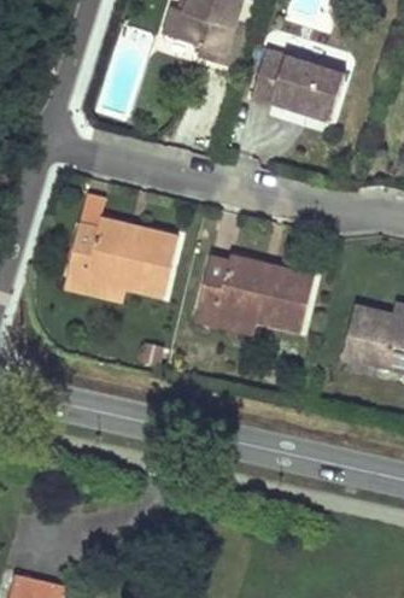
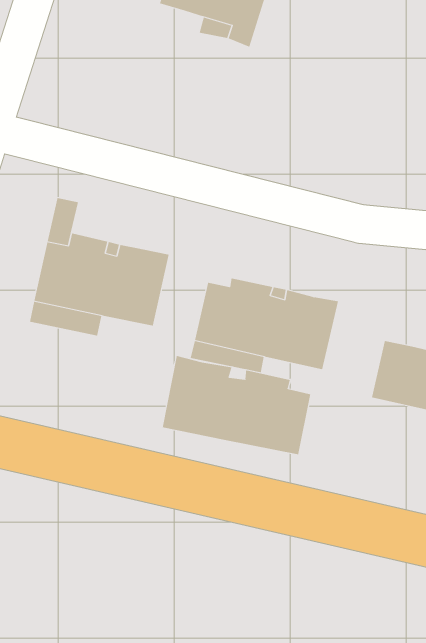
building: [254,47,349,117] -> none
building: none -> [162,355,311,455]

